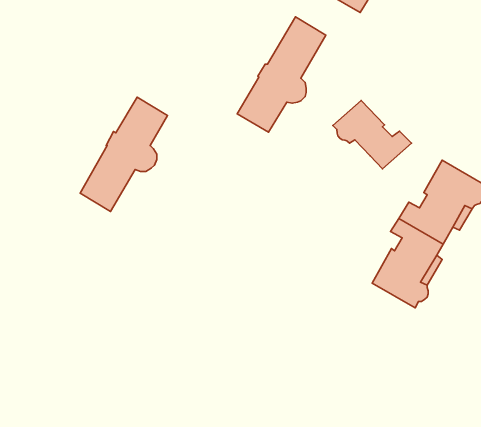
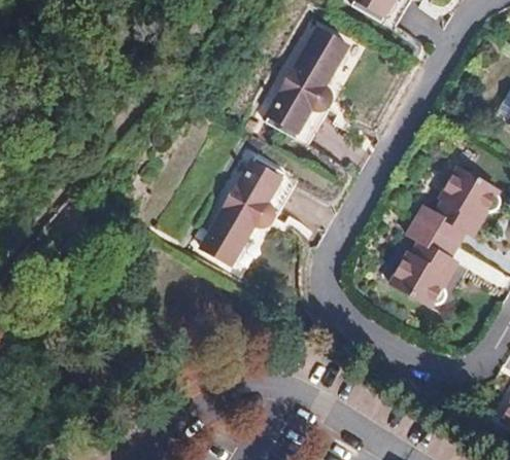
building: [80,97,167,211] -> [201,155,284,264]
building: [333,101,412,169] -> none

